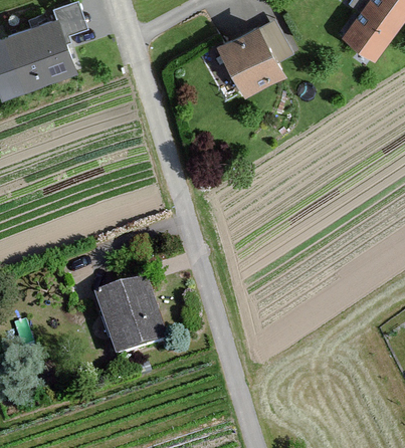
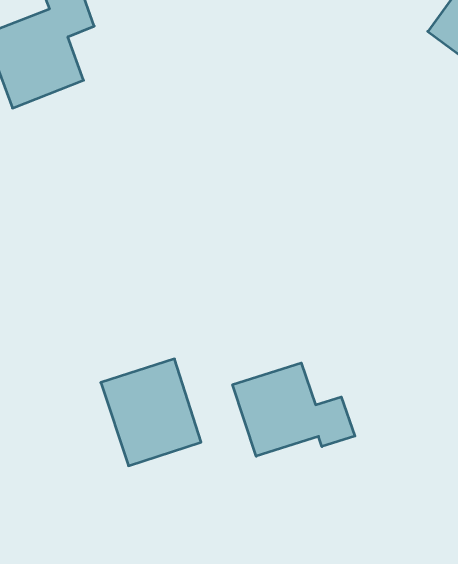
building: [216,20,287,97] -> none
building: none -> [233,363,355,456]

